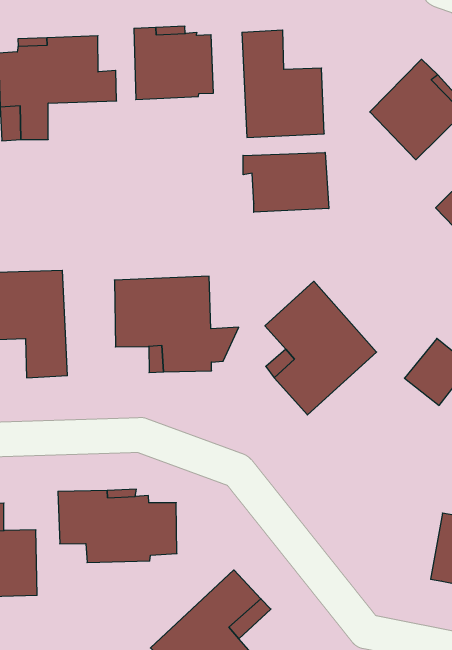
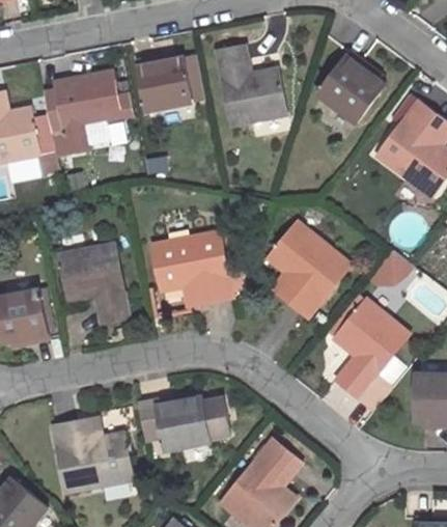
building: [243,152,329,212] -> none
building: none -> [332,298,408,410]

